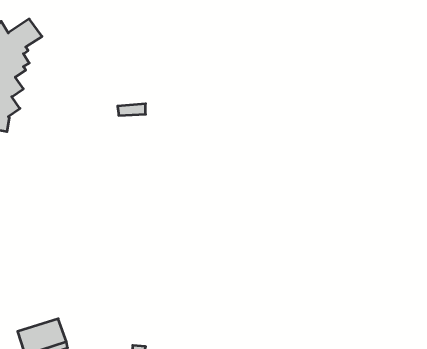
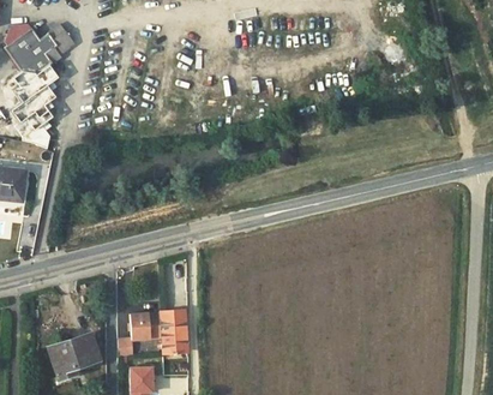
building: none -> [119,310,187,355]

